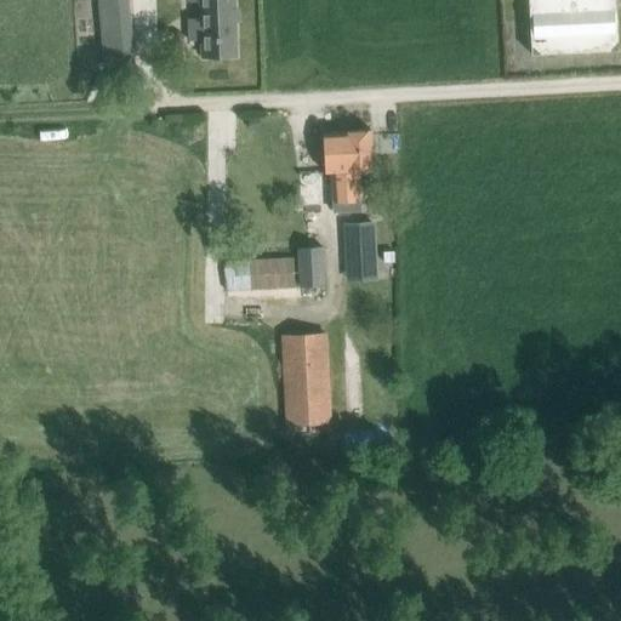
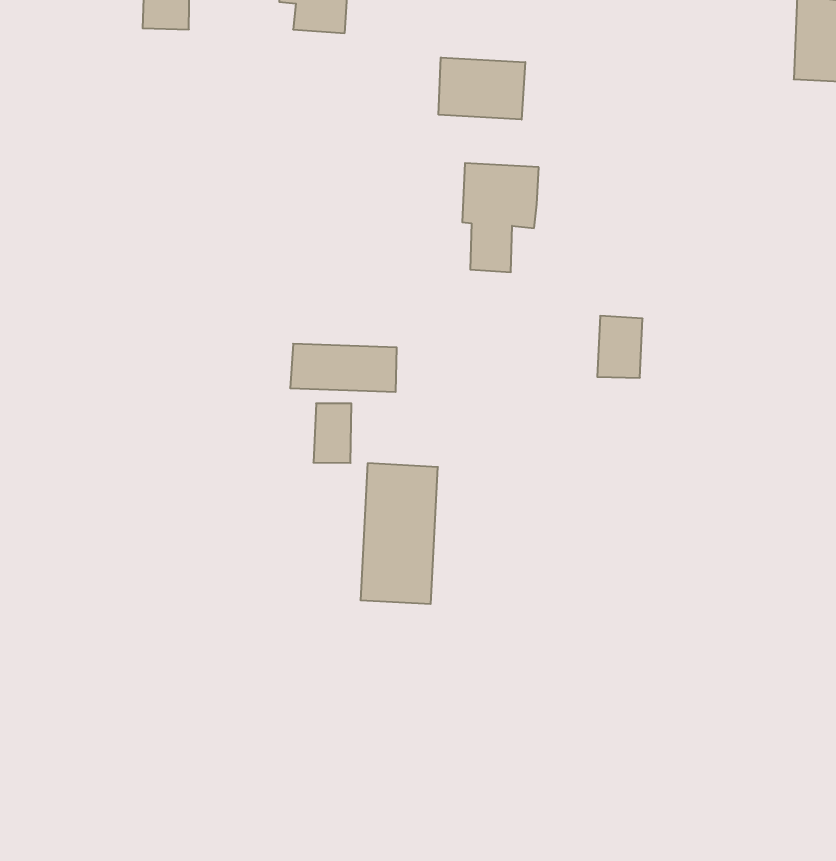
building: none -> [439,57,525,120]
building: [346,223,376,264] -> [597,316,643,378]
building: [300,246,326,287] -> [313,403,351,463]

